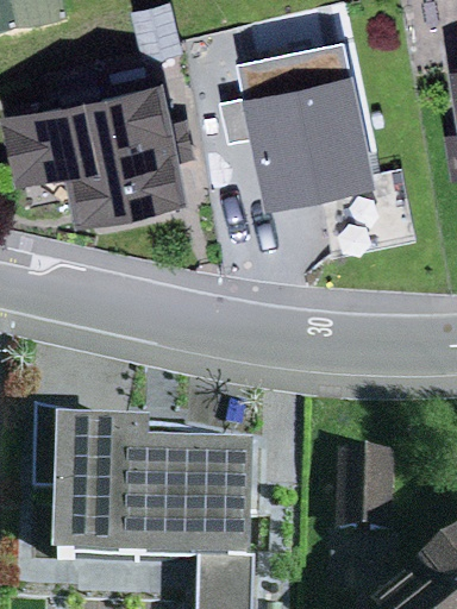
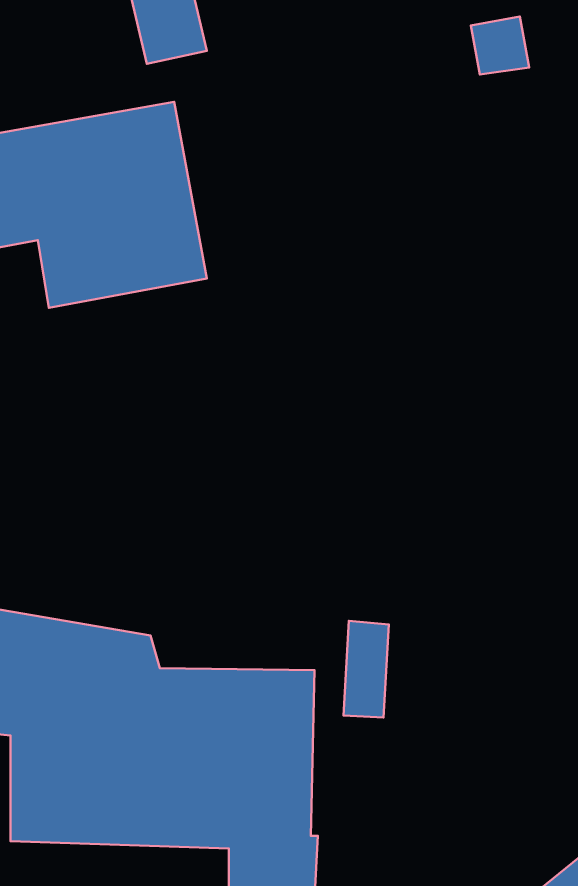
building: [242,31,374,203] -> none
building: [337,452,392,534] -> none

